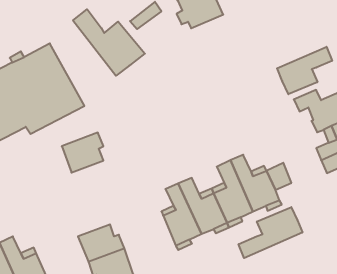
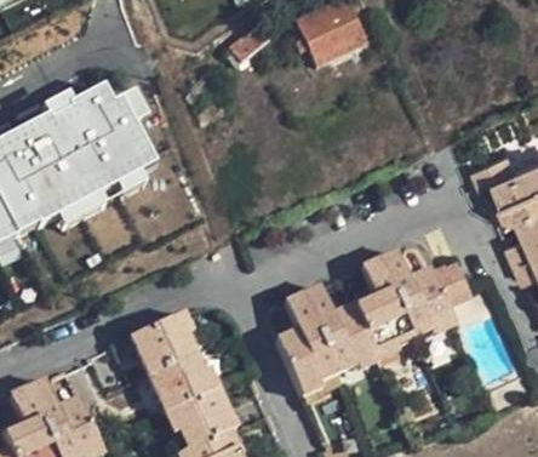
building: [73,9,145,76] -> none
building: [277,47,332,94] -> none
building: [62,133,103,173] -> [132,315,195,376]
building: [239,207,302,258] -> none

